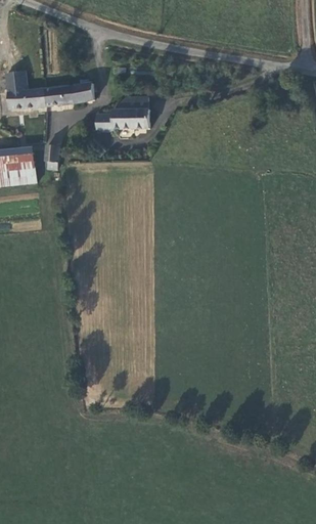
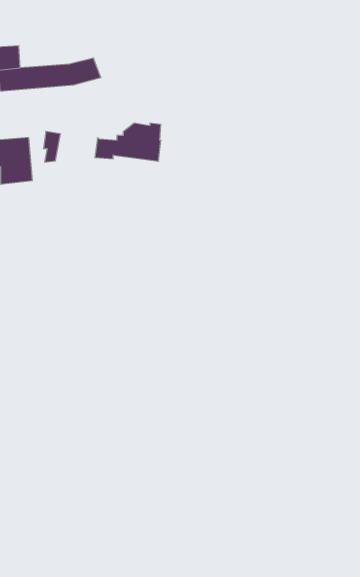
building: [91,99,146,131] -> [95,123,161,161]

